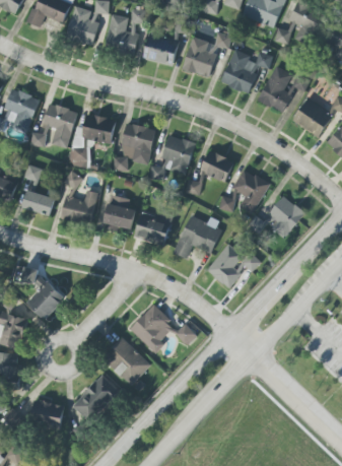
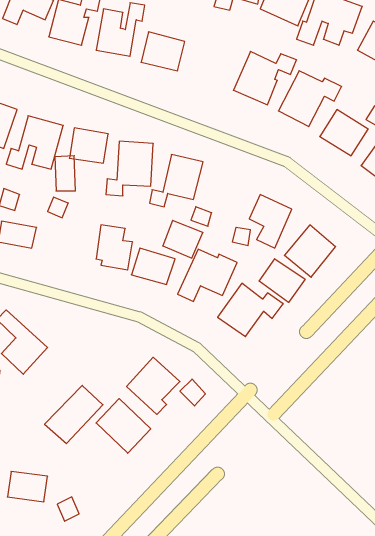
building: [183,32,230,77] -> none
building: [200,150,233,182] -> [163,220,203,258]
building: [60,190,97,226] -> none
building: none -> [259,259,305,302]
building: [71,374,120,422] -> [45,385,103,444]

